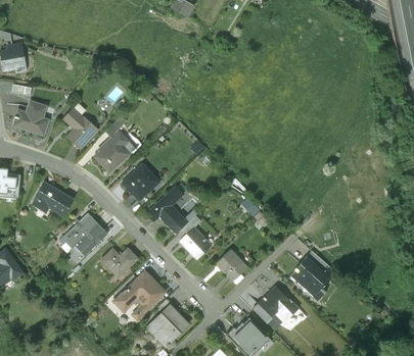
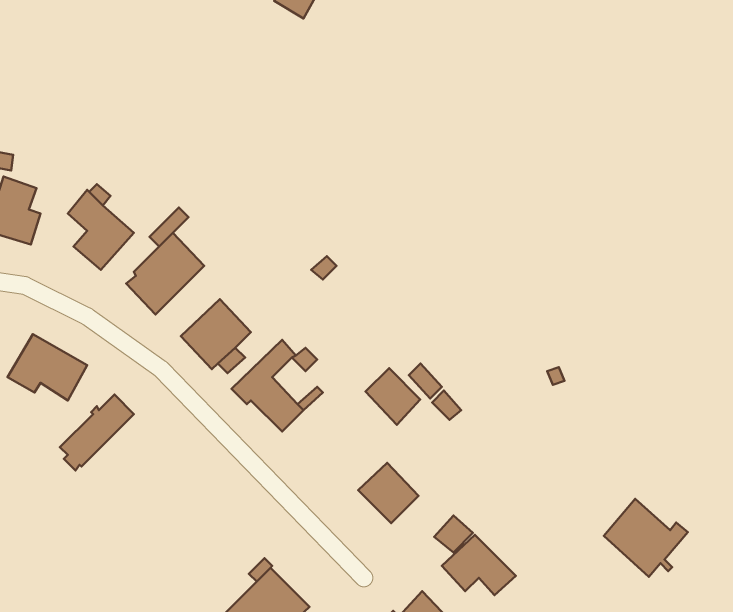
building: [74,223,107,257] -> none
building: [181,230,210,259] -> [366,368,420,425]
building: [100,247,138,277] -> none
building: [290,256,334,297] -> [604,499,688,577]
building: [112,270,166,320] -> none

